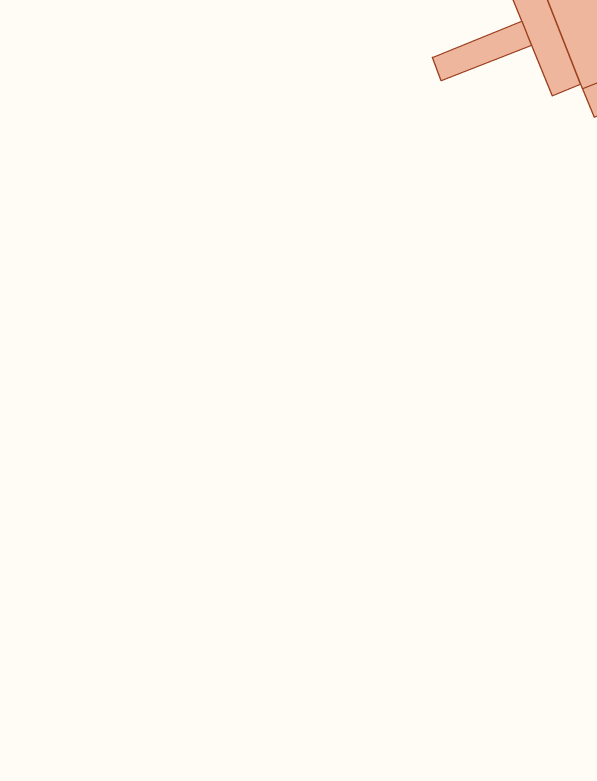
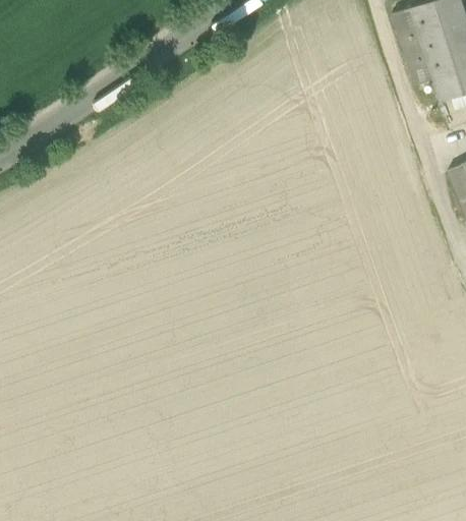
building: [432,21,532,81] -> none

